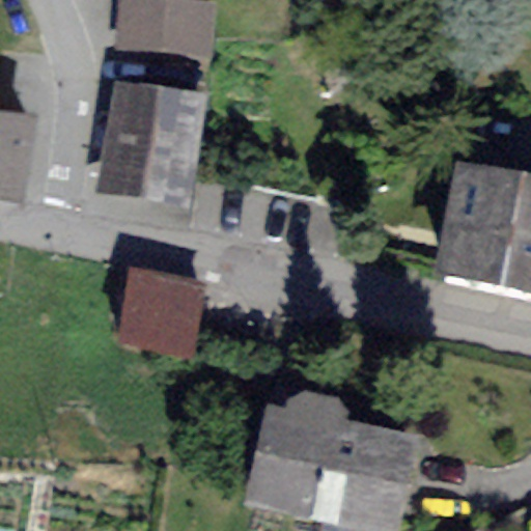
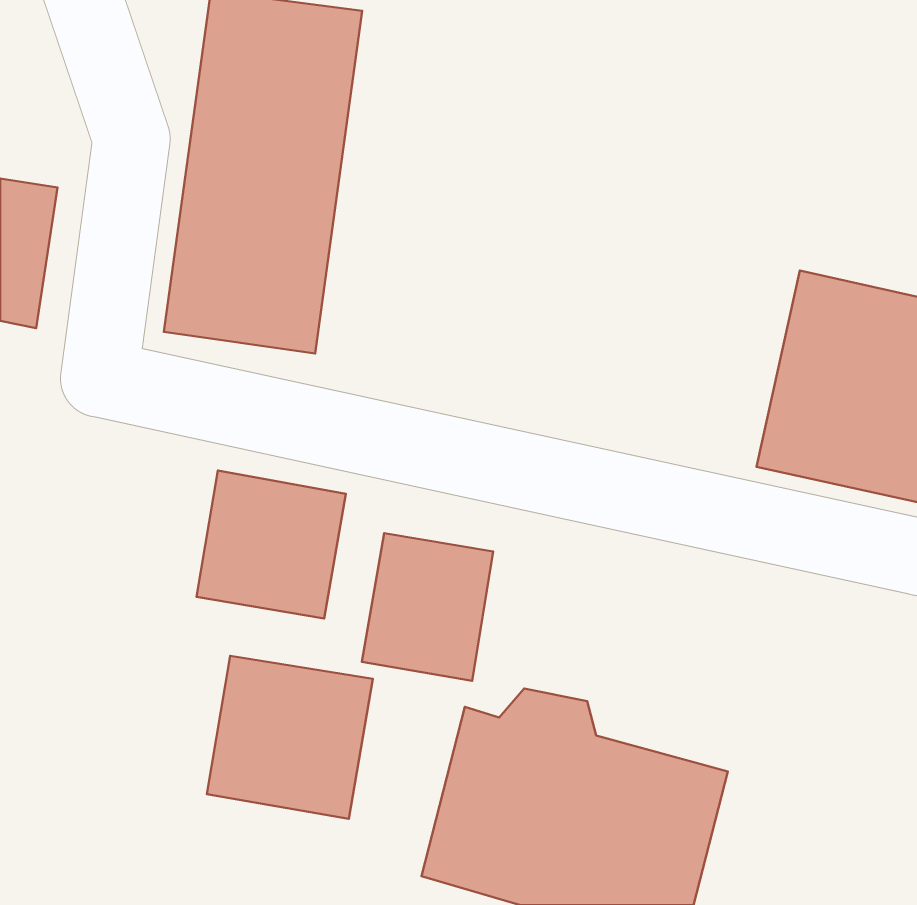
building: none -> [362,533,493,681]
building: none -> [207,656,373,819]

